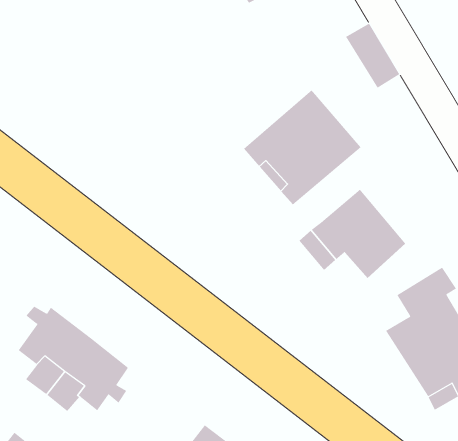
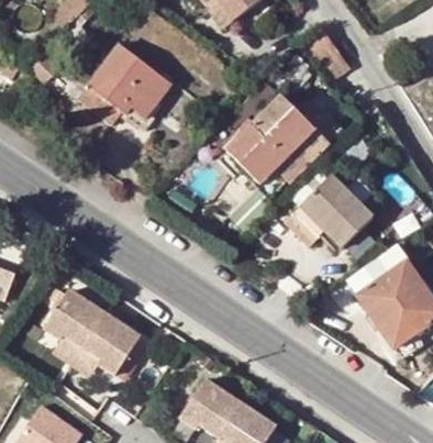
building: none -> [79,45,169,124]

